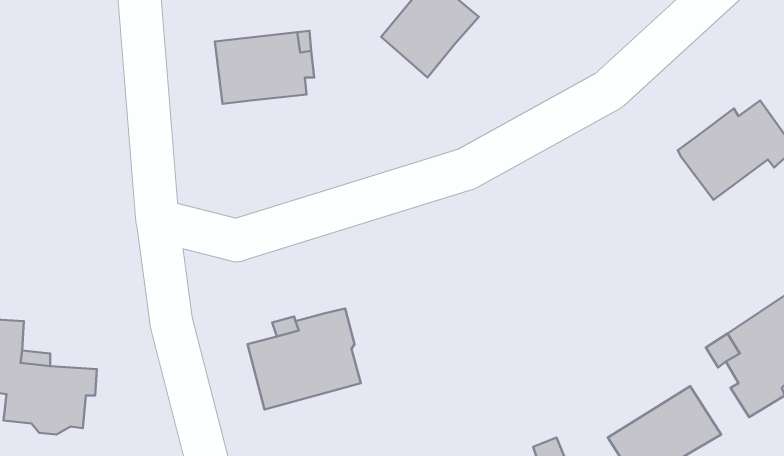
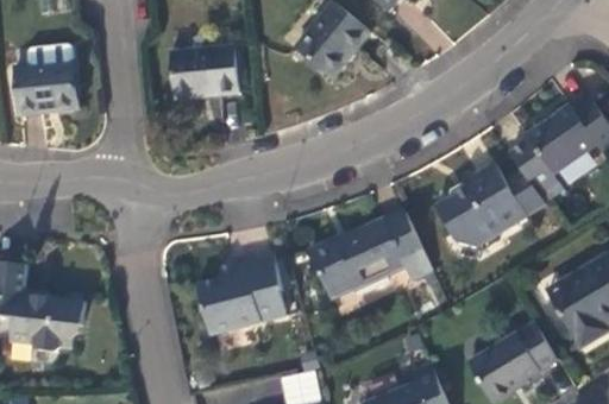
building: none -> [18,45,81,118]
building: none -> [435,164,545,246]
building: none -> [308,214,429,292]

